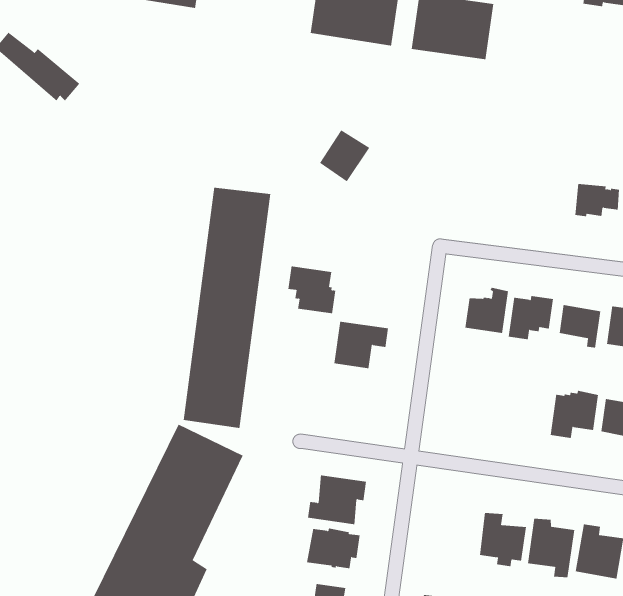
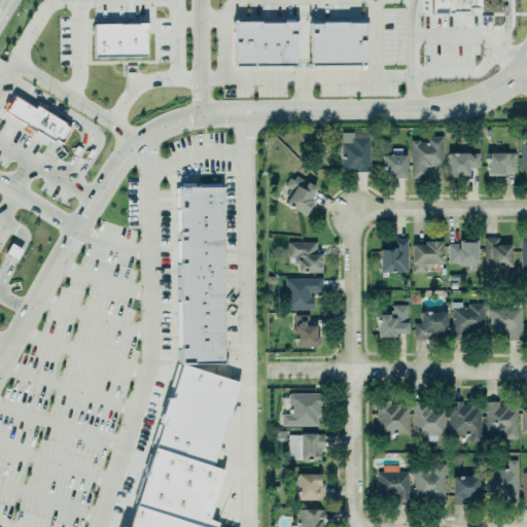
building: [319,130,370,182] -> [285,177,321,215]
building: none -> [344,137,372,171]
building: none -> [413,135,446,176]
building: none -> [385,154,409,178]
building: [288,266,336,314] -> [289,240,325,271]
building: none -> [296,314,320,347]
building: none -> [379,304,411,337]
building: none -> [416,310,449,338]
building: none -> [378,398,411,438]

